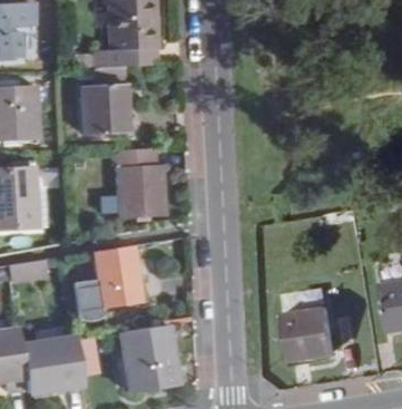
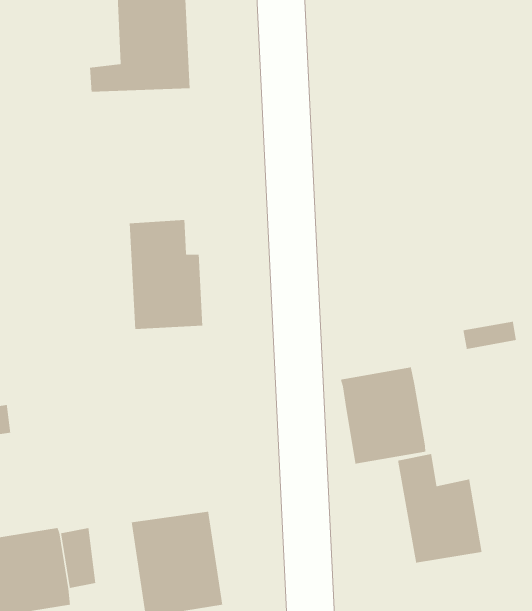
building: [82,85,127,134] -> none
building: none -> [340,367,426,465]
building: [76,245,139,309] -> none

